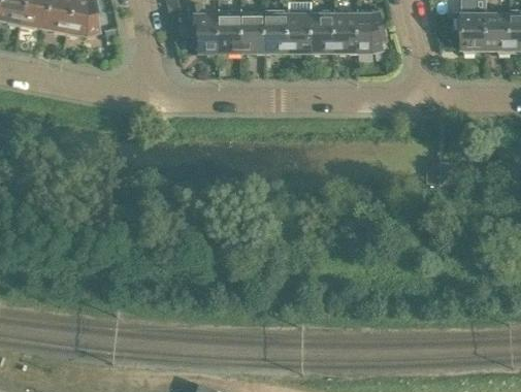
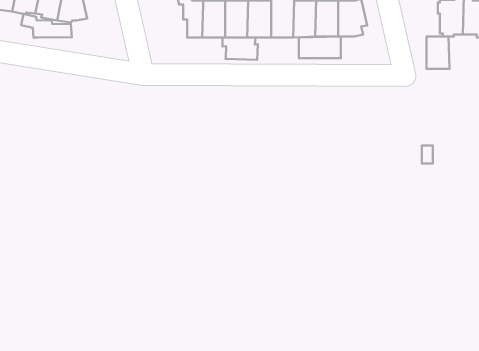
building: none -> [21,14,72,38]
building: none -> [299,37,341,58]
building: none -> [427,37,449,69]
building: none -> [222,38,258,60]

